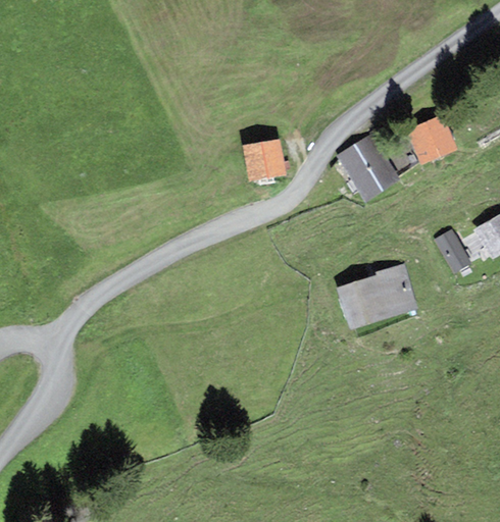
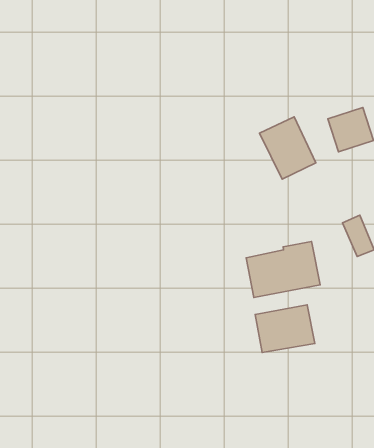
building: [243,140,285,179] -> none
building: none -> [255,305,315,353]

